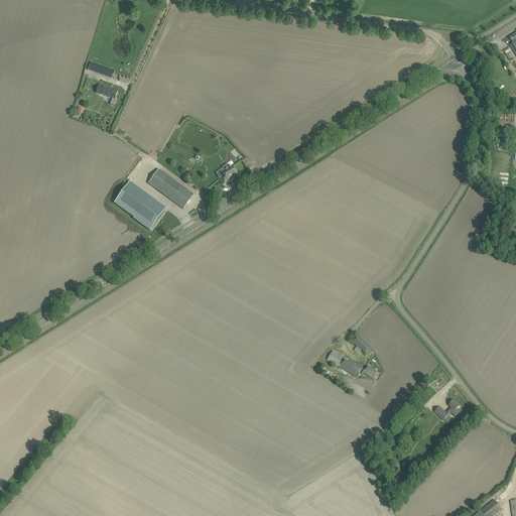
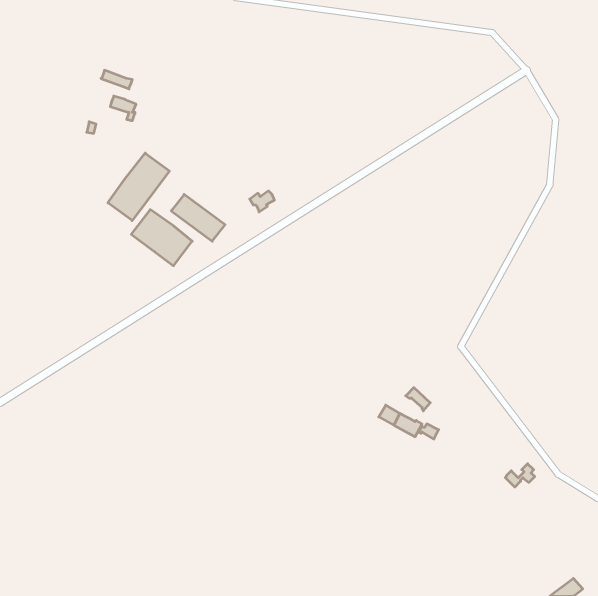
building: none -> [108,153,169,221]

